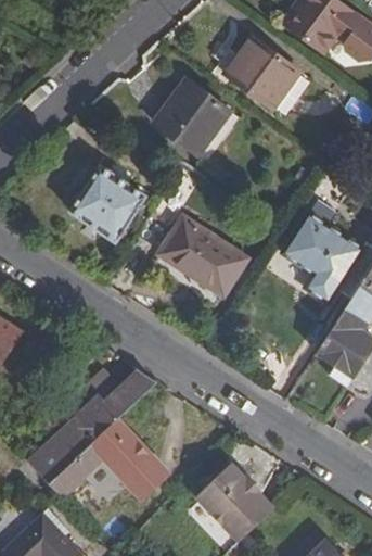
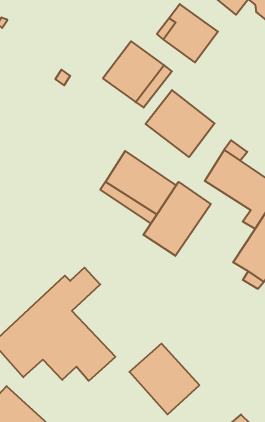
building: none -> [146,90,215,157]
building: [70,167,147,243] -> none
building: none -> [143,182,211,256]

